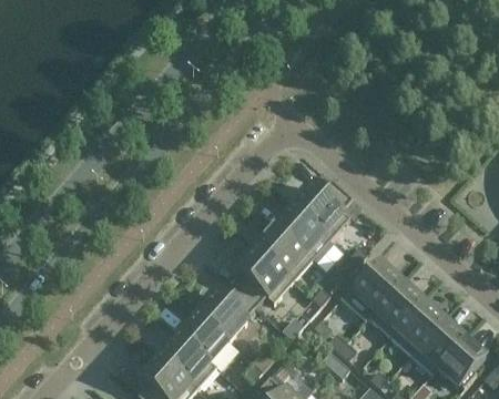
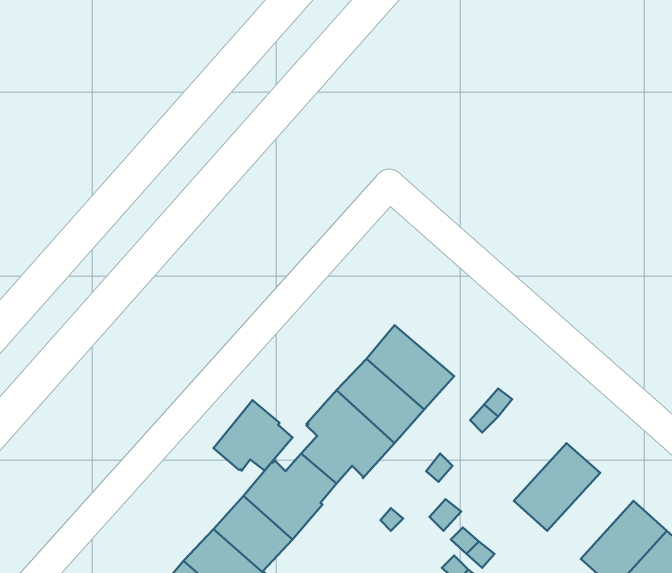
building: [293,180,353,239] -> none
building: none -> [213,400,293,471]
building: [350,262,401,318] -> none
building: [389,300,444,355] -> none

